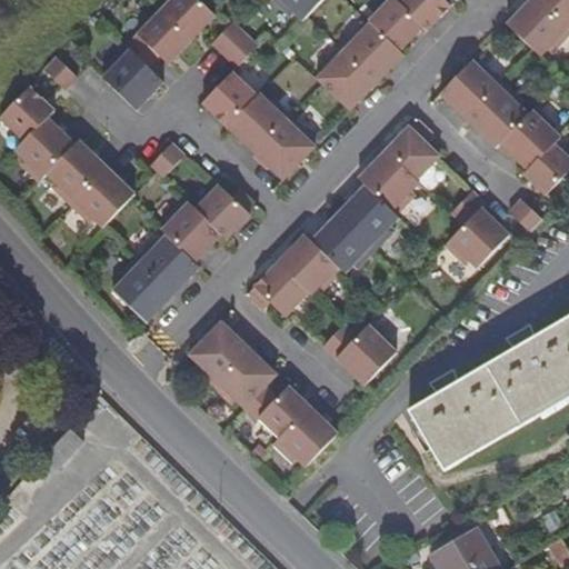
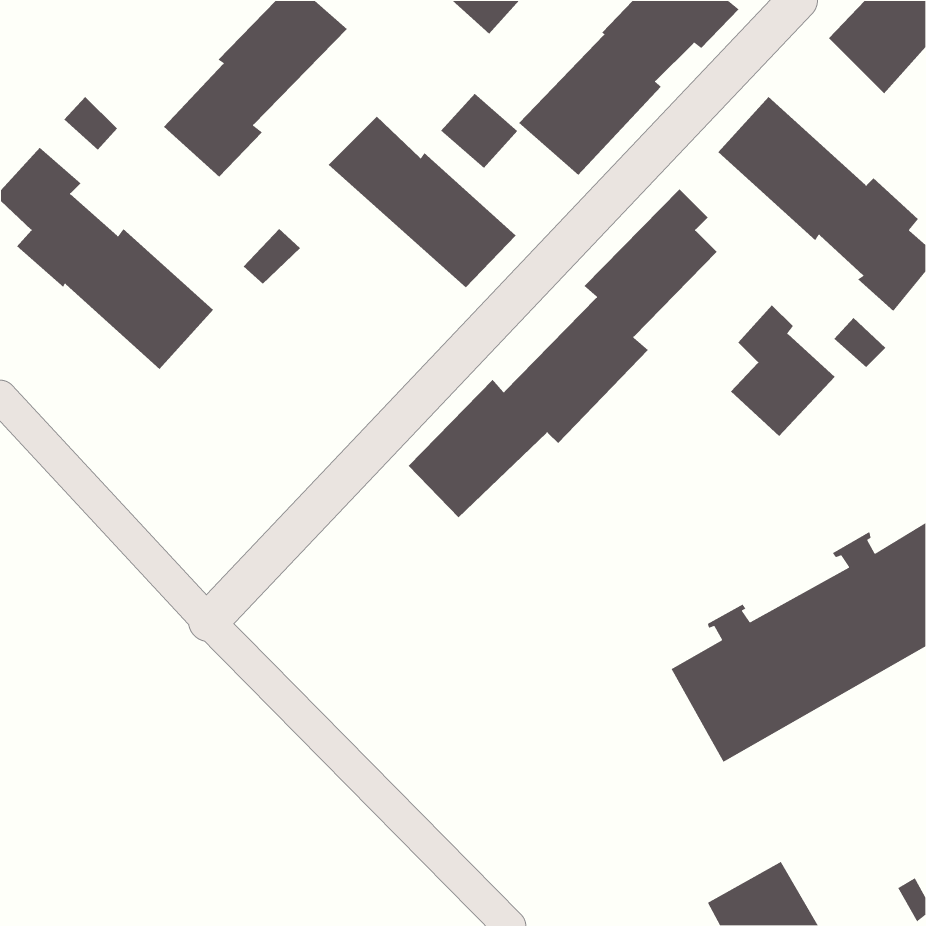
building: [209,23,257,70] -> [440,93,518,169]
building: [113,182,257,318] -> none
building: [184,319,339,466] -> none
building: [325,322,397,386] -> none

